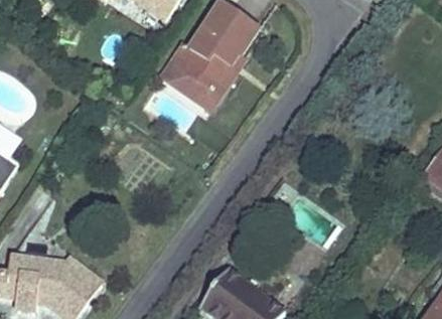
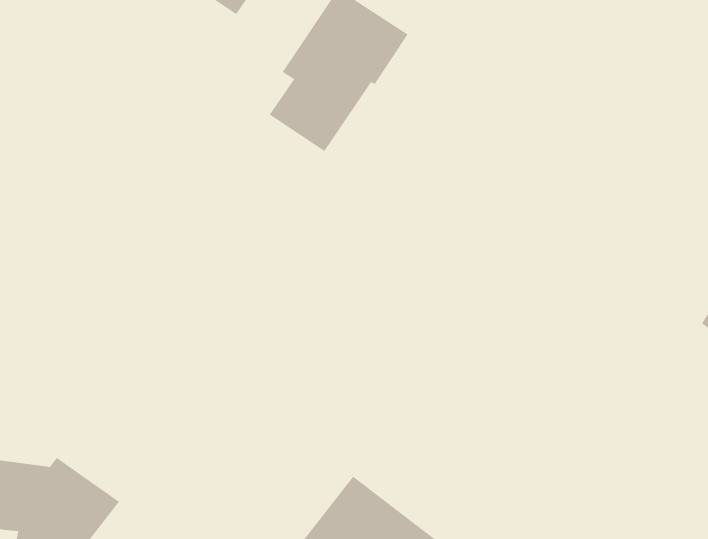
building: [162,45,245,111] -> none

